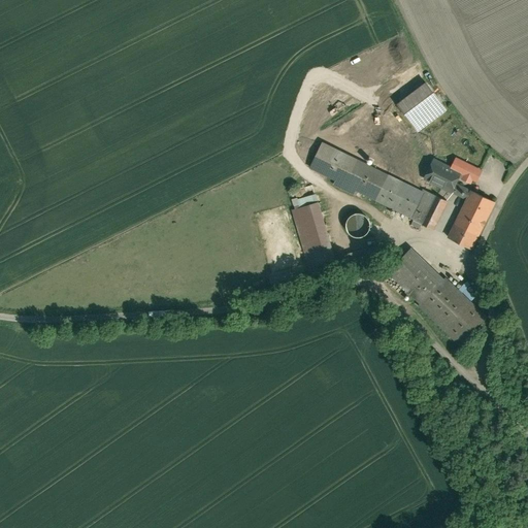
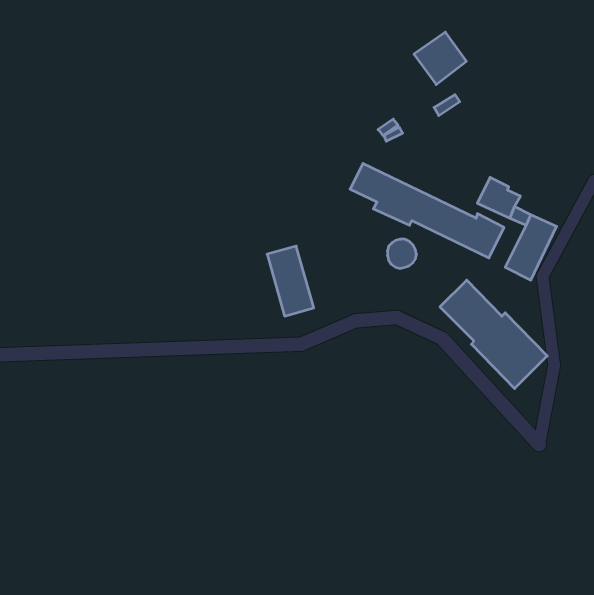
building: [397,84,443,130] -> [414,32,466,85]
building: [449,157,481,184] -> none
building: [292,202,333,264] -> [267,246,314,316]

